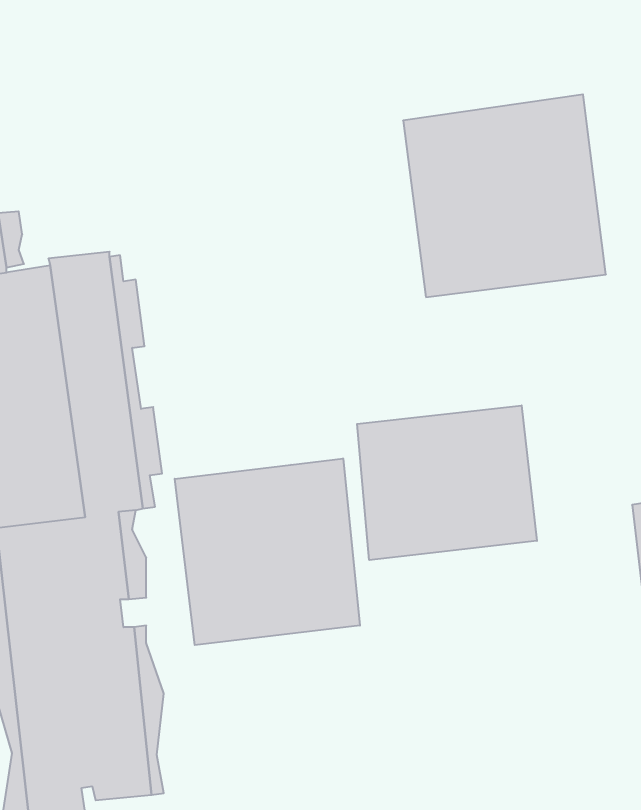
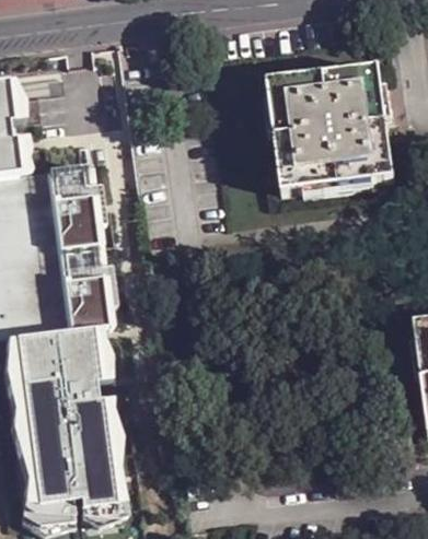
building: [357,405,537,560] -> none
building: [175,458,360,645] -> none

